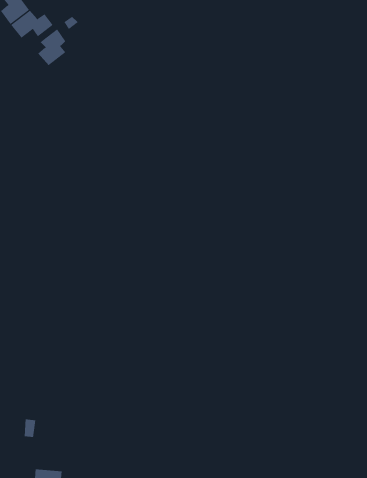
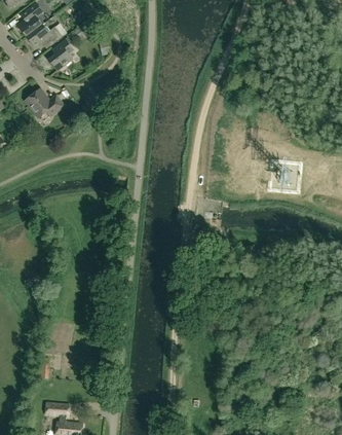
building: none -> [25,88,64,117]

